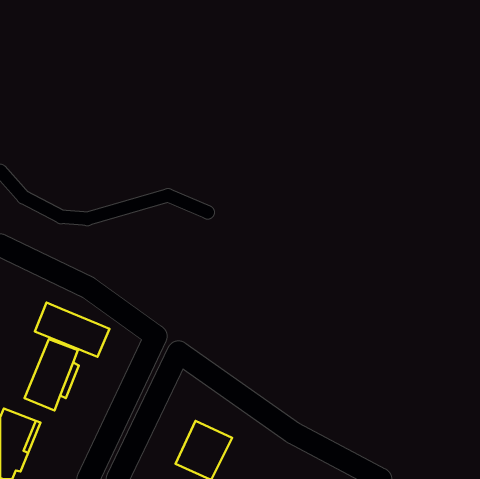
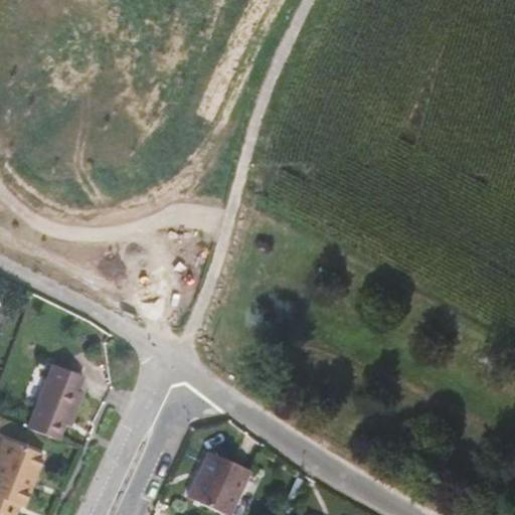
building: [35,302,109,357] -> none

